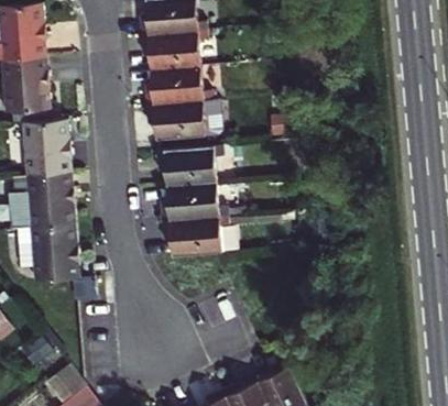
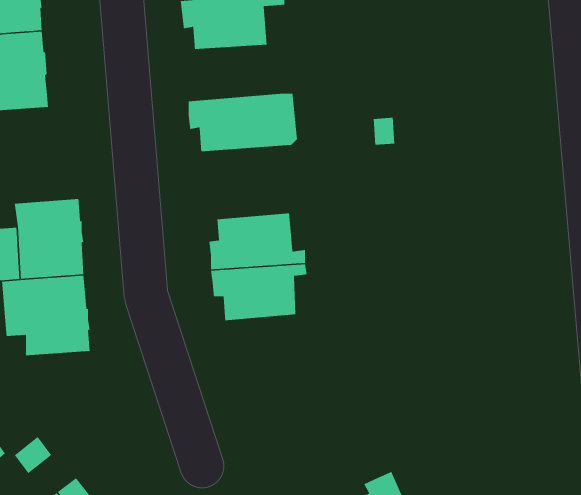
building: [144,67,212,106] -> none
building: [23,120,72,176] -> none
building: [156,147,223,187] -> none

